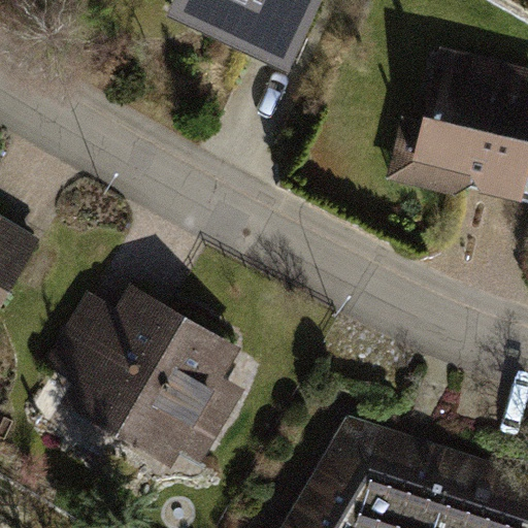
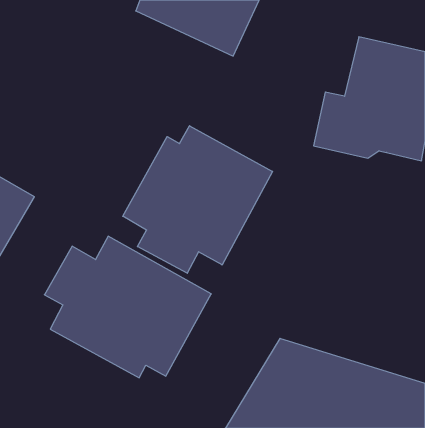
building: none -> [123,126,273,273]

